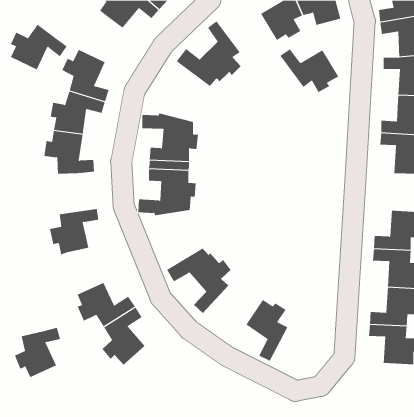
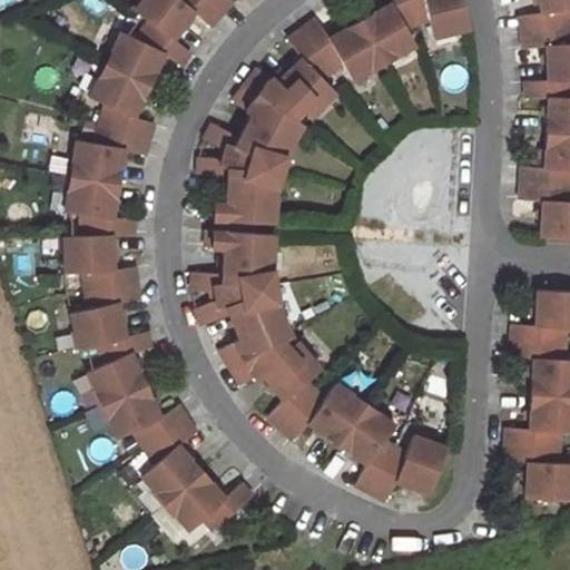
building: [10,24,67,70] -> [112,22,190,86]
building: [280,49,339,93] -> [301,19,382,79]
building: none -> [205,85,293,167]
building: none -> [62,237,138,293]
building: none -> [196,287,285,368]
building: none -> [282,383,363,443]
building: none -> [373,434,448,500]
building: [14,327,61,378] -> [89,333,153,402]
building: none -> [174,472,255,531]

